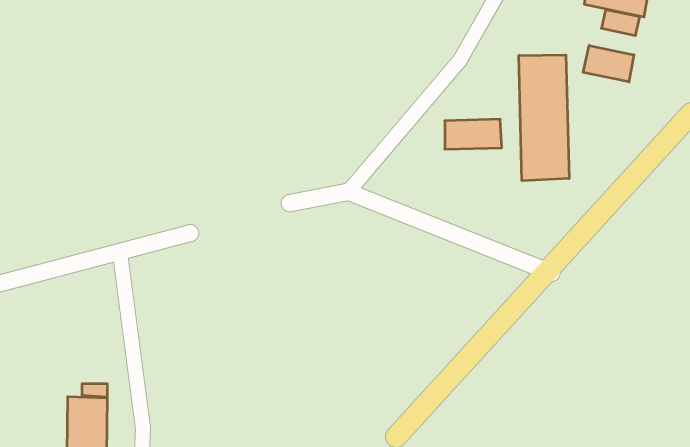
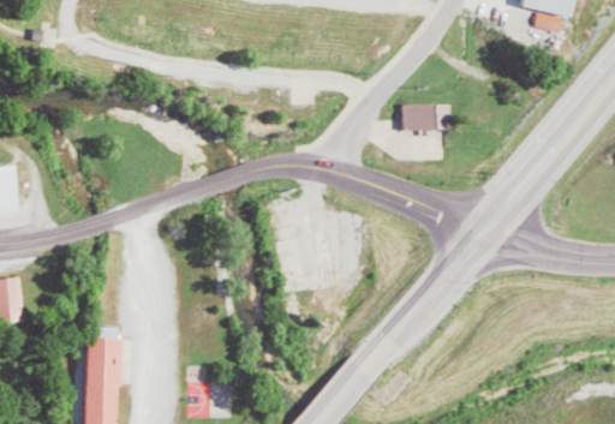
building: [583,45,634,82] -> none
building: [519,55,569,181] -> none

